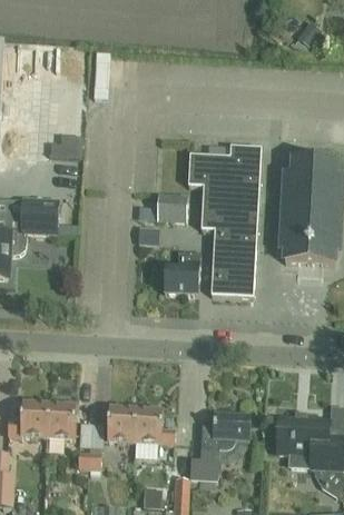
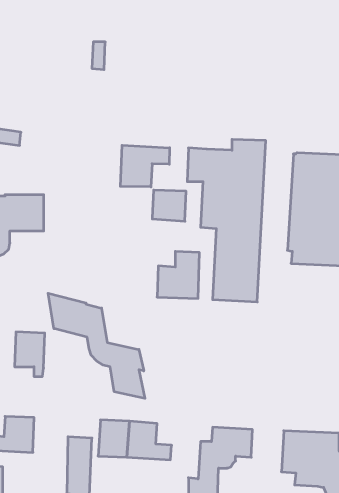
building: none -> [120,145,170,187]
building: none -> [48,293,145,398]
building: [46,404,73,445] -> [15,332,45,376]

